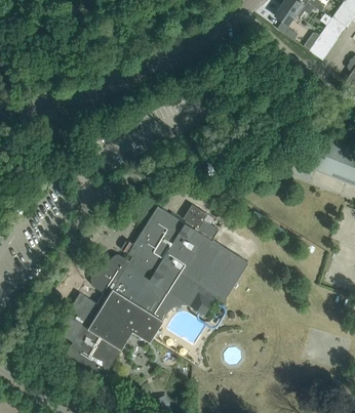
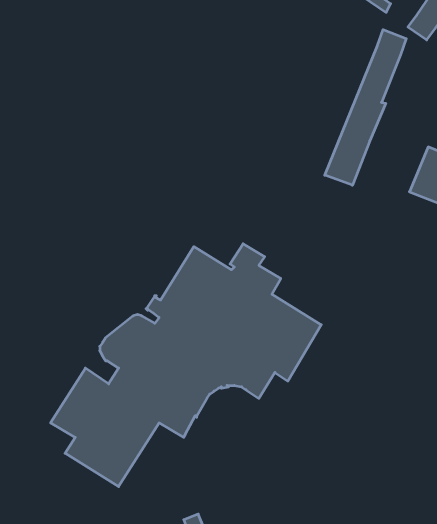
building: none -> [325,30,406,185]

